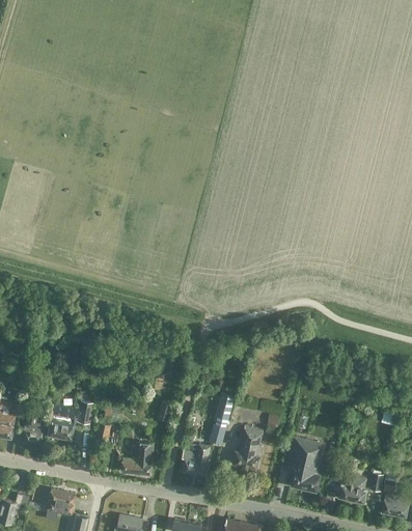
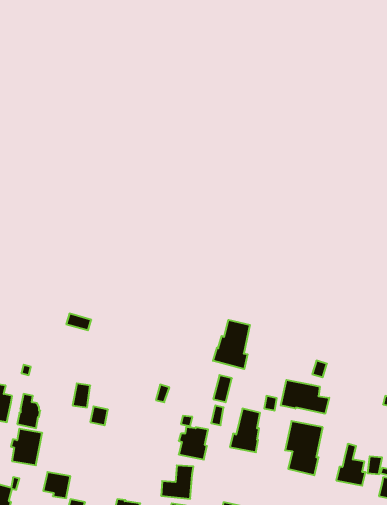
building: none -> [213,320,250,369]
building: none -> [281,380,329,414]
building: [46,403,77,440] -> [11,429,42,465]
building: [121,442,154,475] -> [161,465,193,499]

